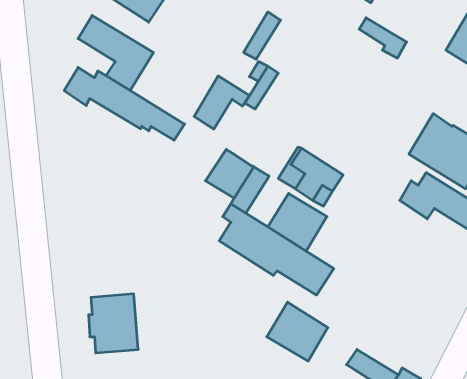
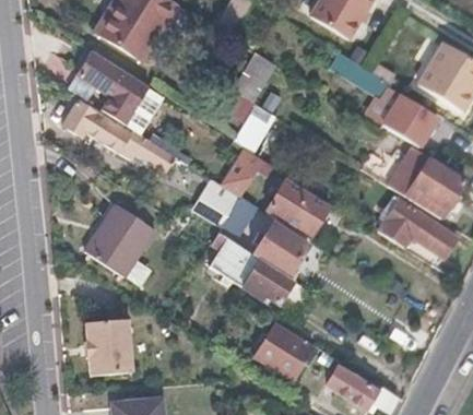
building: none -> [381,93,436,145]
building: [194,76,250,129] -> [221,145,273,195]
building: none -> [84,204,154,277]

